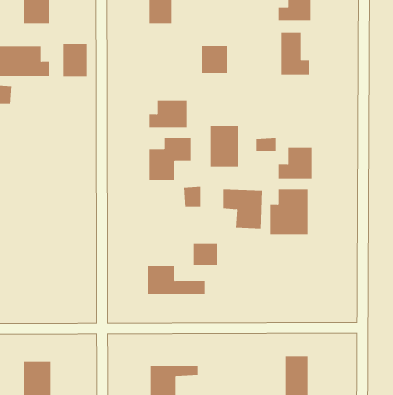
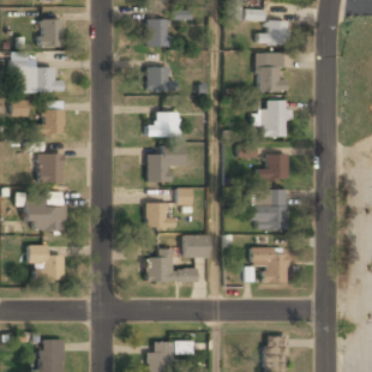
building: [63,43,88,77] -> [41,108,62,137]
building: [201,46,228,73] -> [145,67,168,91]
building: [210,125,239,167] -> [262,100,287,136]
building: none -> [37,154,62,184]
building: [223,189,263,229] -> [251,248,286,283]
building: none -> [24,198,62,228]
building: none -> [144,203,166,229]
building: none -> [28,245,64,281]

